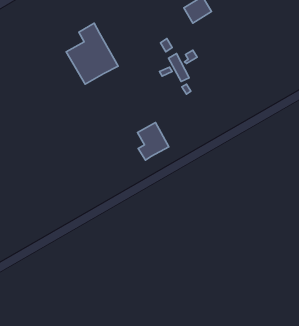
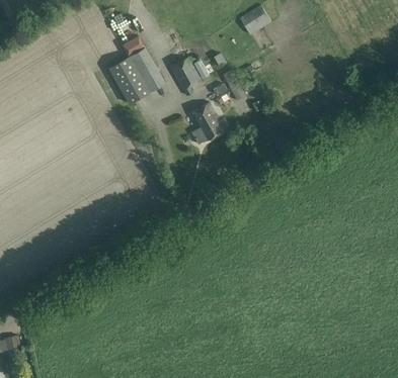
building: none -> [170,56,201,96]
building: [137,123,169,160] -> [189,103,225,146]

